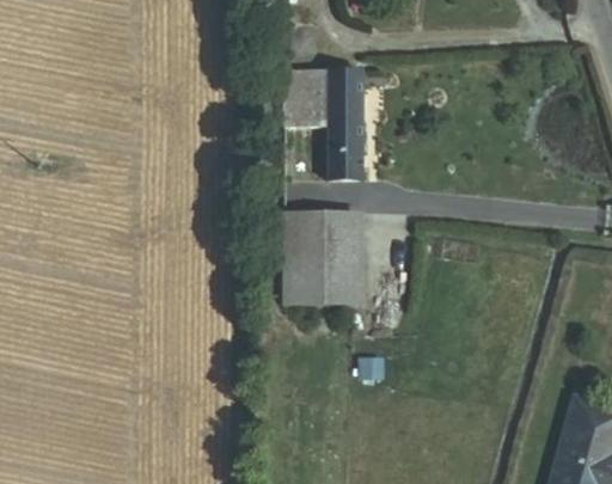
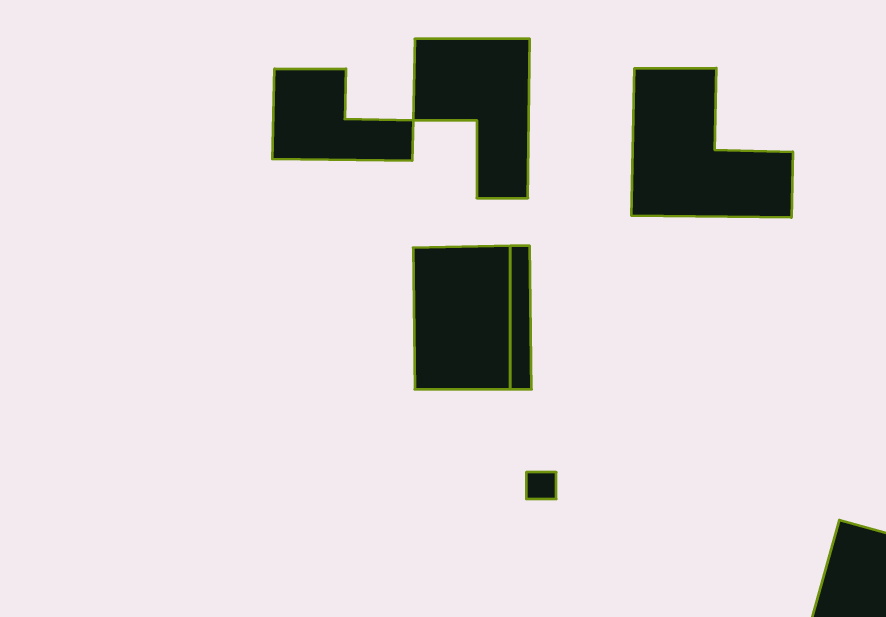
building: none -> [632,68,793,218]
building: none -> [272,69,413,161]

